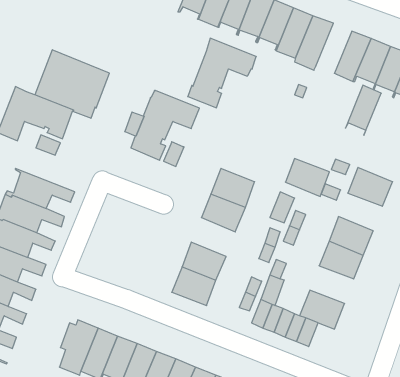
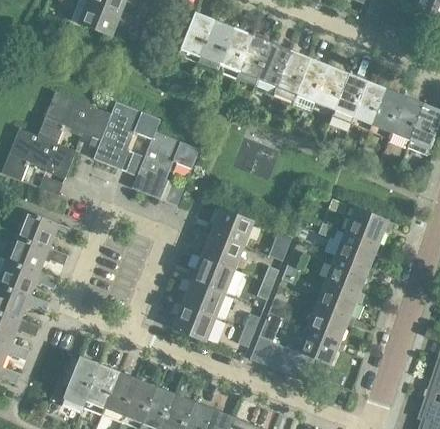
building: [188,38,256,108] -> [93,101,160,169]
building: [345,85,381,135] -> [313,65,348,114]
building: [285,159,329,196] -> [335,231,378,268]
building: none -> [191,255,234,293]
building: none -> [307,302,350,339]

